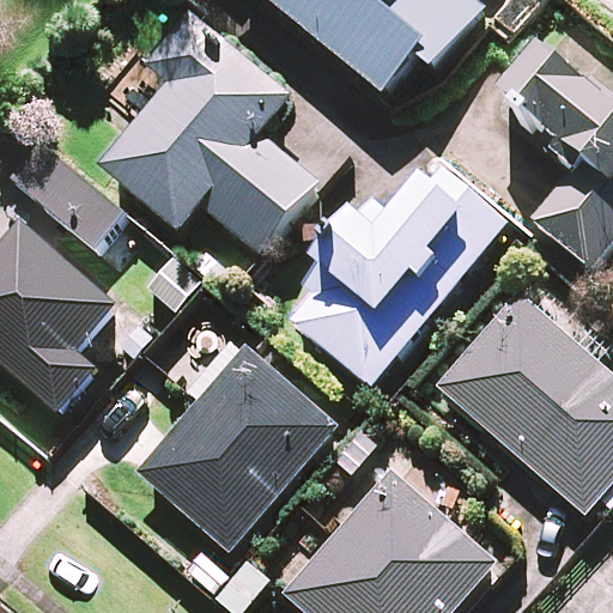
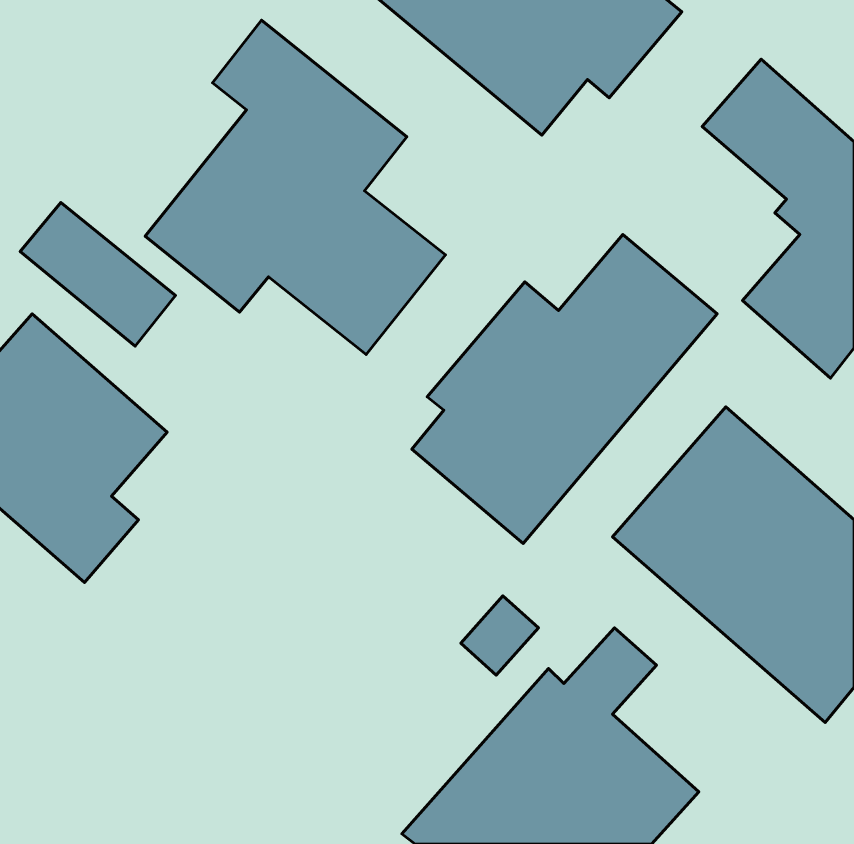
building: [139,303,338,550] -> none

